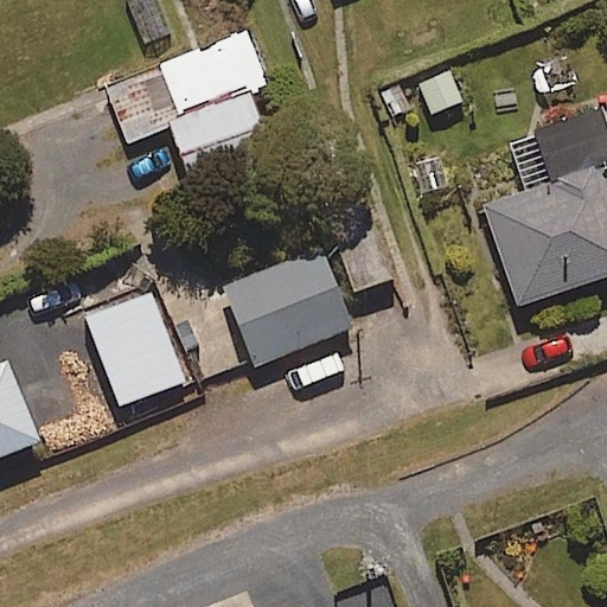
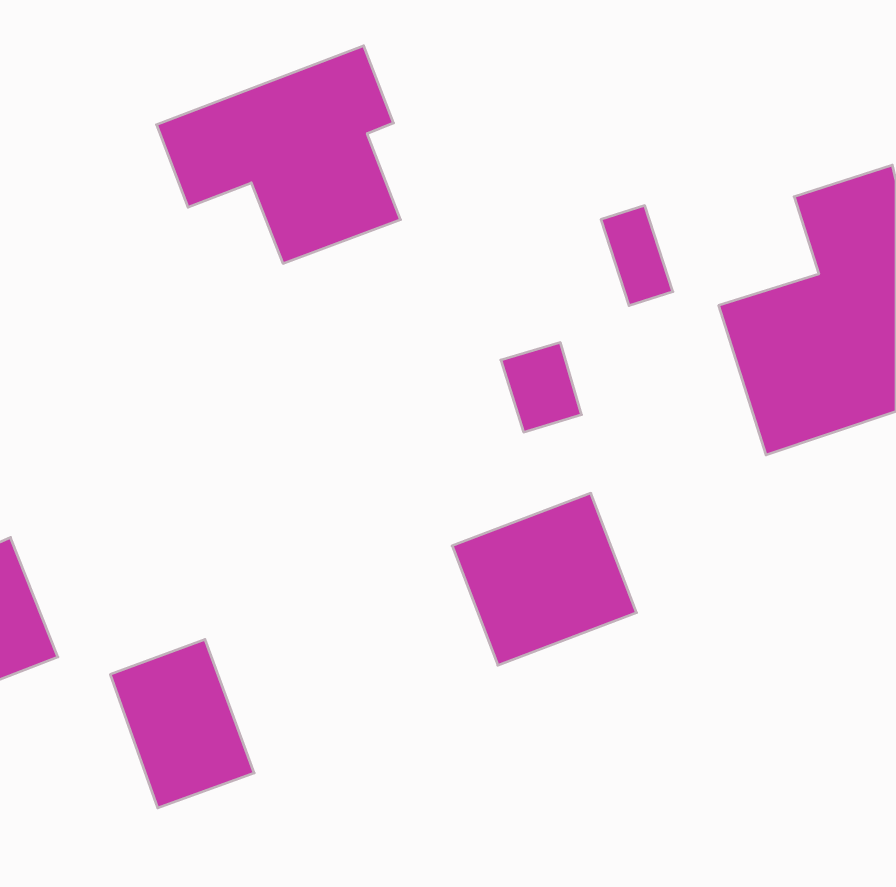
building: [226,248,351,364] -> [452,493,637,665]
building: [87,292,184,405] -> [110,639,254,808]

